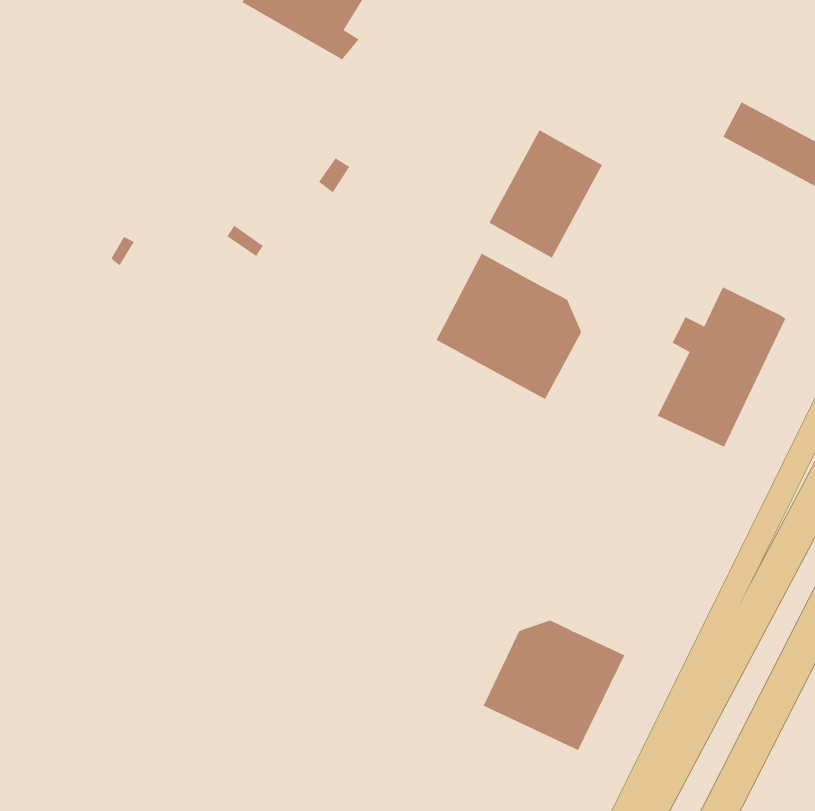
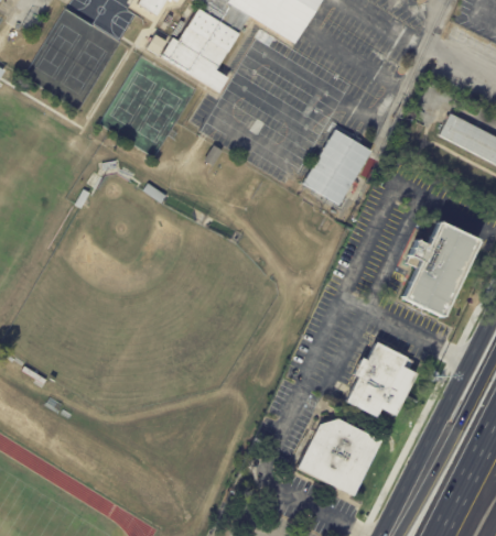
building: [436,253,582,400] -> none
building: none -> [351,339,421,414]

